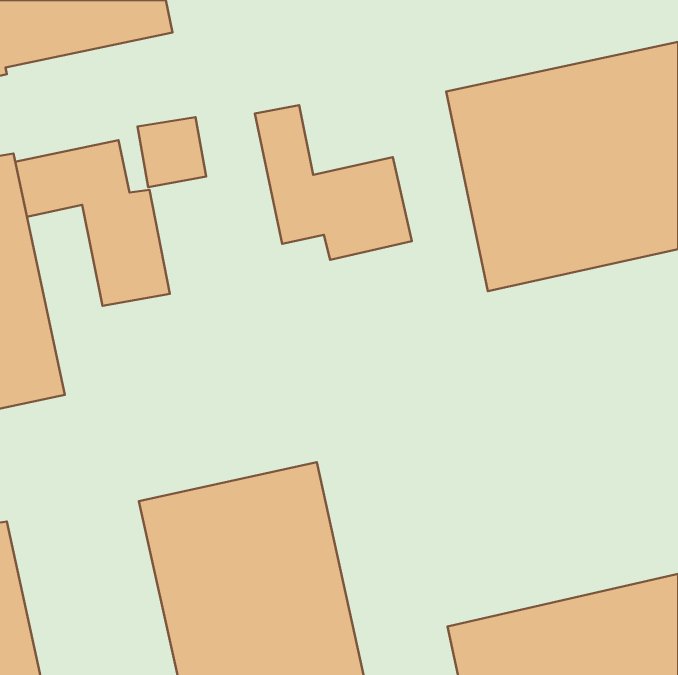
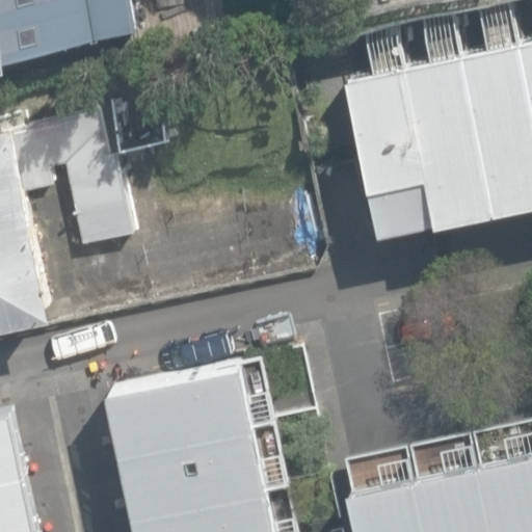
building: [255,105,412,260] -> none

